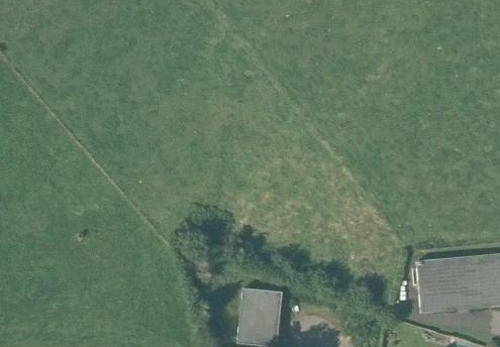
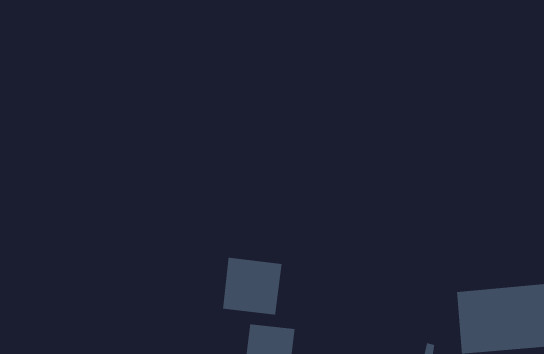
building: none -> [222,257,282,315]

